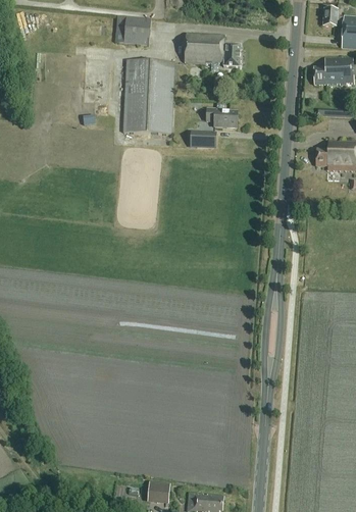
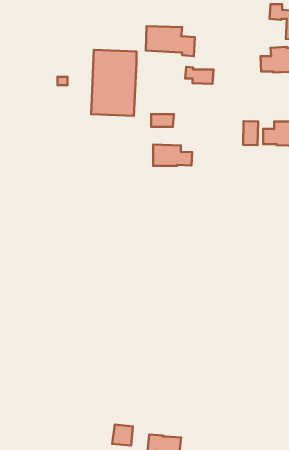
building: [114,15,150,46] -> none
building: [205,108,237,127] -> [185,67,213,84]
building: none -> [243,121,258,145]
building: none -> [153,145,192,166]

